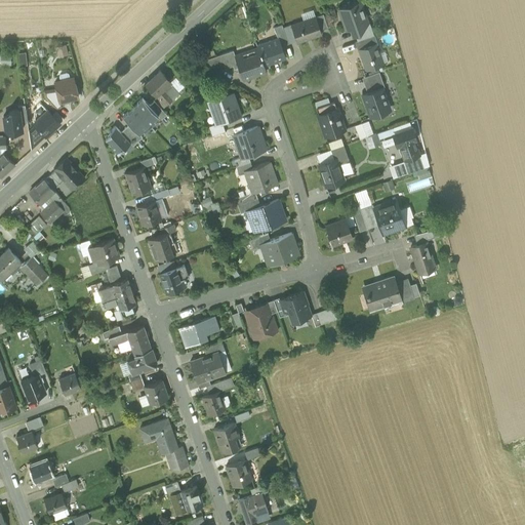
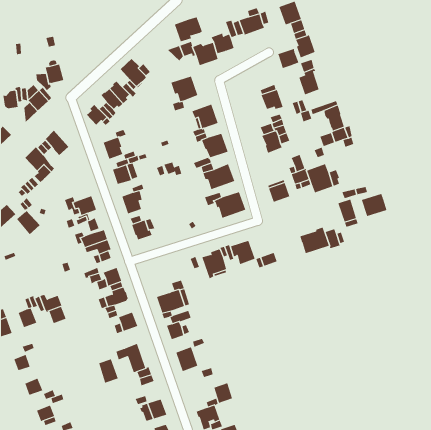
building: none -> [174,16,202,42]
building: none -> [277,48,299,69]
building: none -> [361,193,387,217]
building: [178,317,217,348] -> none
building: none -> [99,359,118,383]
building: [227,460,250,486] -> [213,382,233,404]

